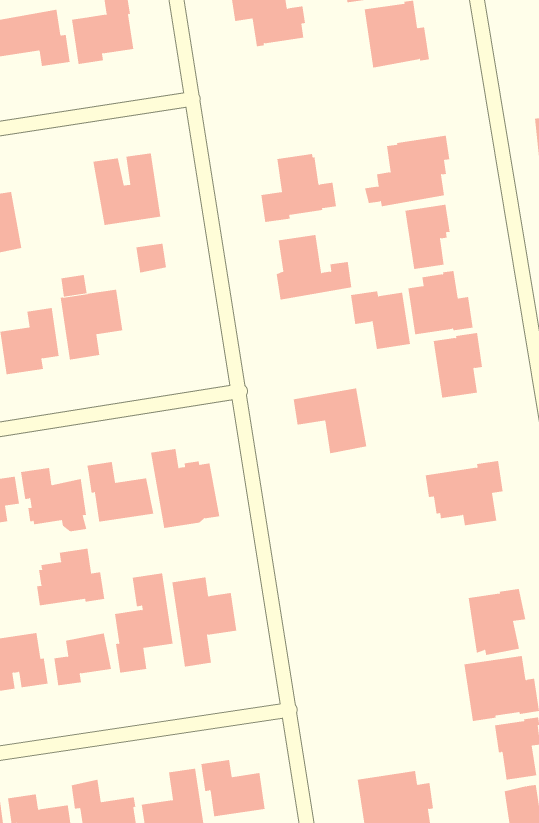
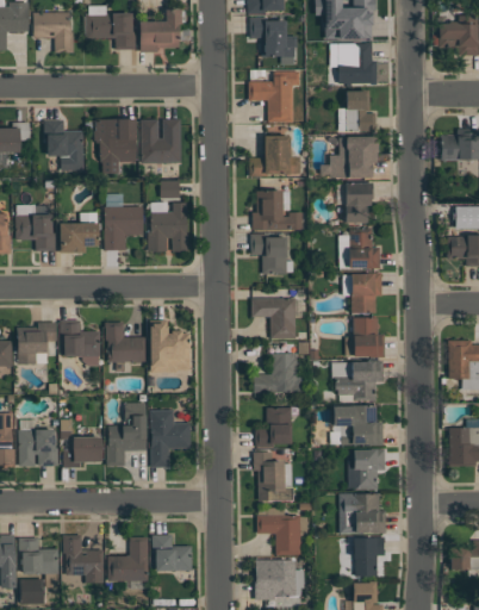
building: none -> [249,71,300,123]
building: none -> [347,91,377,131]
building: none -> [95,119,137,174]
building: none -> [148,203,188,253]
building: [350,291,411,350] -> [251,235,287,274]
building: none -> [354,318,385,357]
building: none -> [254,354,306,393]
building: none -> [334,406,384,446]
building: [36,548,105,606] -> none
building: none -> [256,409,292,448]
building: none -> [254,453,294,502]
building: none -> [257,515,301,556]

